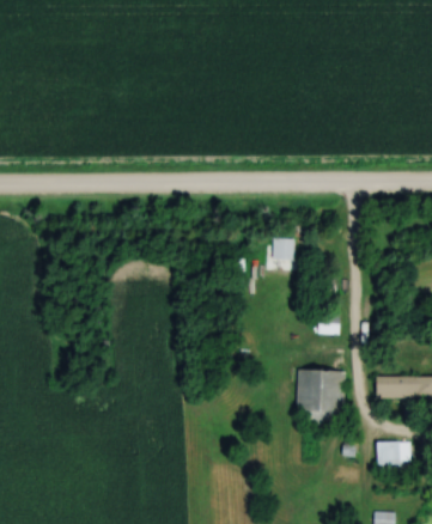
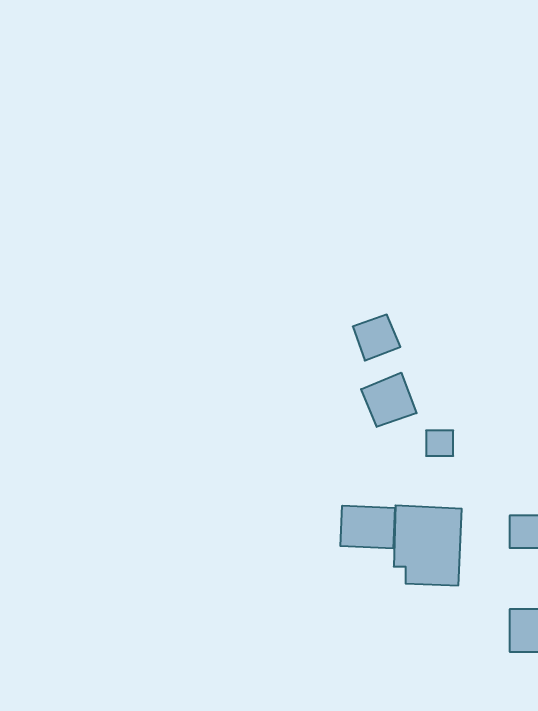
building: none -> [361,373,417,427]
building: none -> [340,506,395,548]

